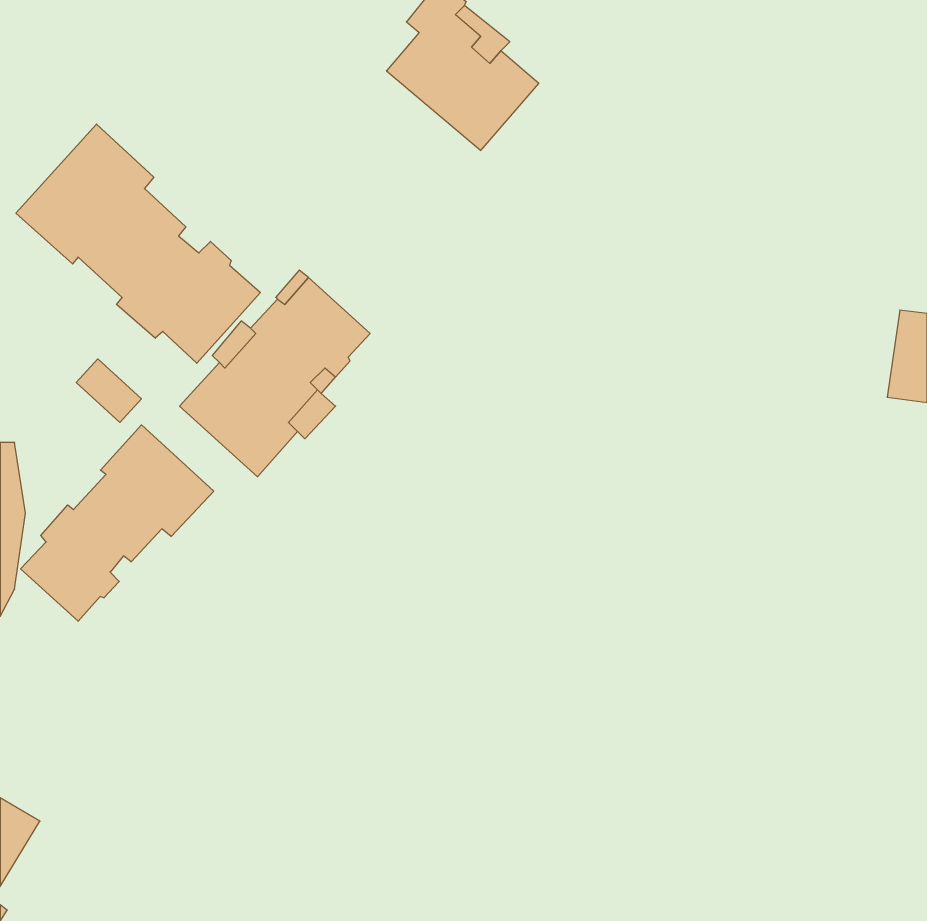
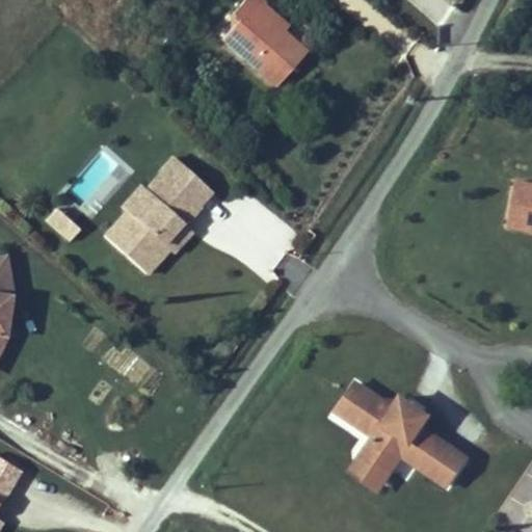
building: [16,124,260,363] -> none
building: [21,425,214,621] -> none
building: none -> [332,379,470,493]

